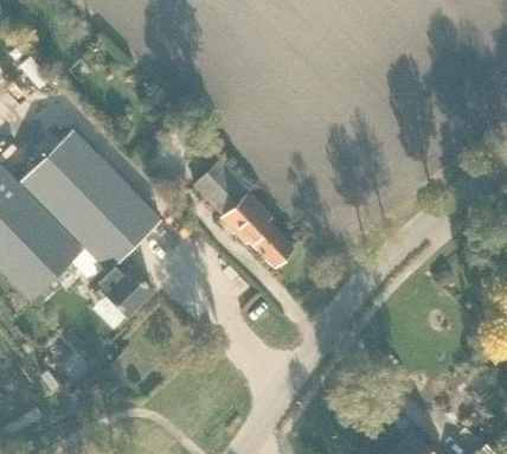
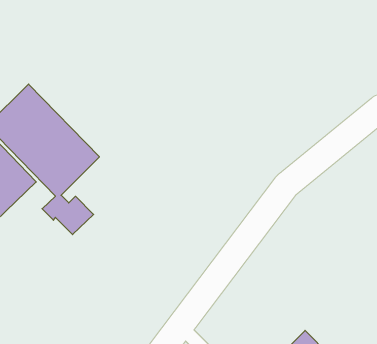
building: [194,160,294,268] -> none

